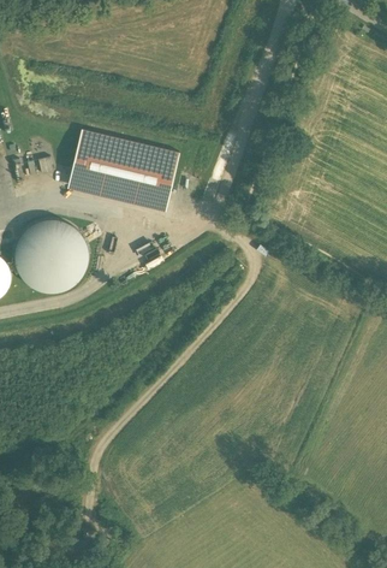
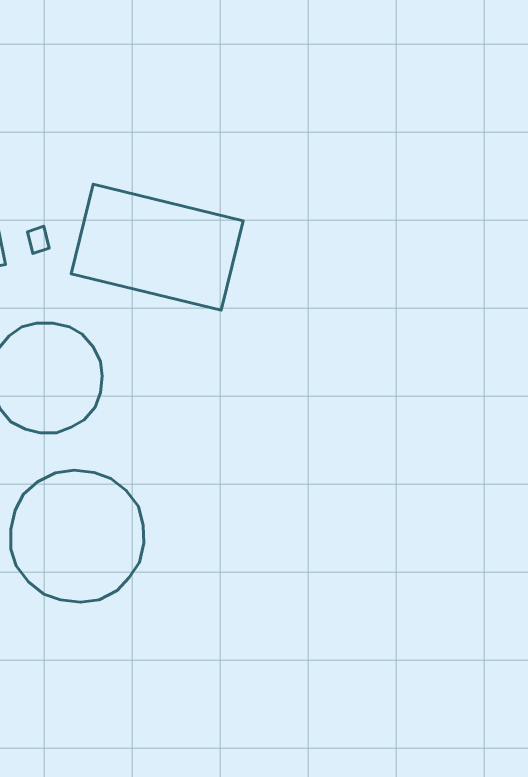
building: none -> [11,470,144,602]

